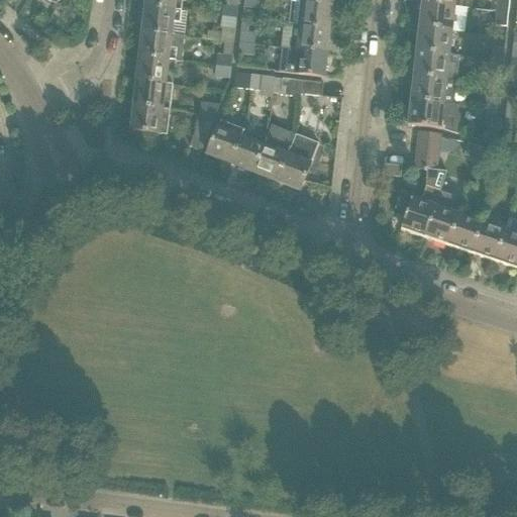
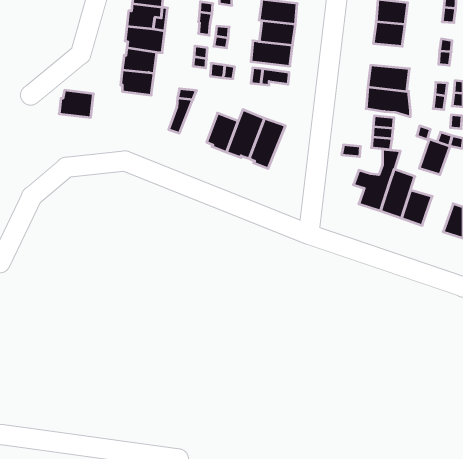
building: [413,48,458,77] -> none
building: [130,102,169,132] -> [59,90,94,117]
building: [206,117,242,159] -> none
building: [471,219,505,258] -> [419,139,450,175]

